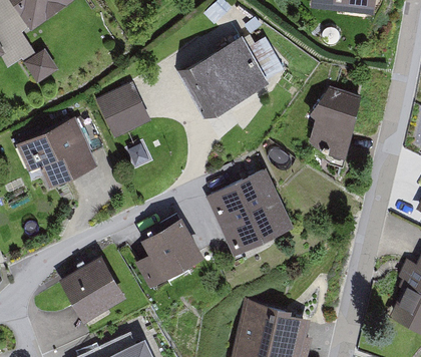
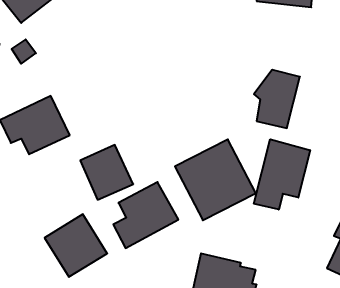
building: [177,35,280,126] -> none
building: [95,81,156,144] -> [80,145,133,200]
building: none -> [254,139,310,210]

